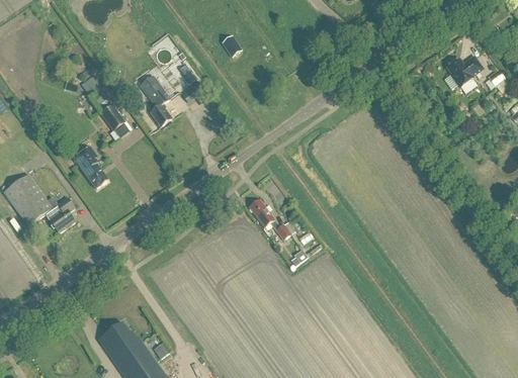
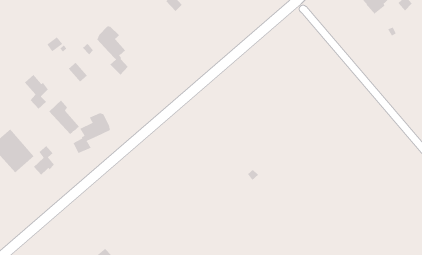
building: none -> [24,74,49,109]
building: none -> [73,113,111,154]
building: [248,198,290,239] -> none

